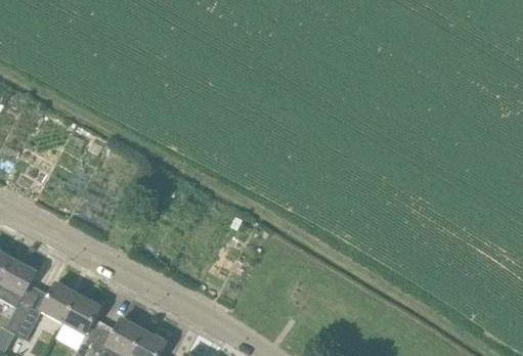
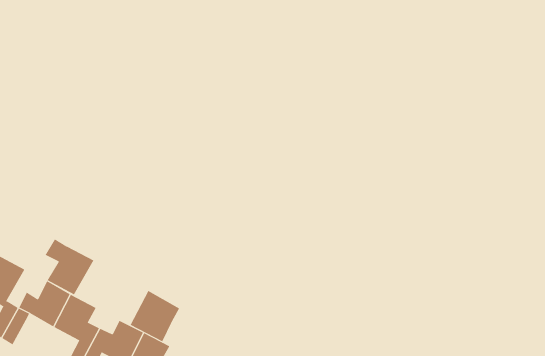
building: none -> [45,239,94,295]
building: none -> [130,290,180,342]

